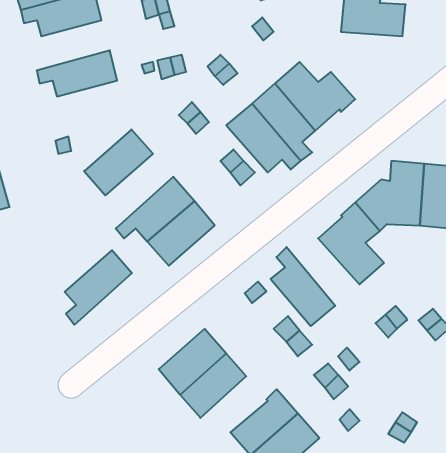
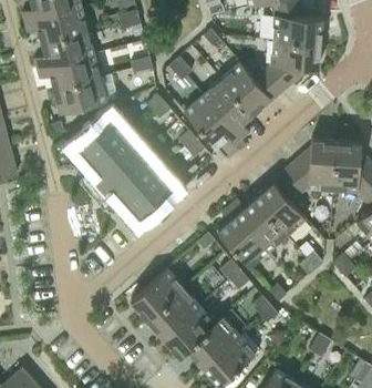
building: none -> [34,30,94,69]
building: none -> [265,39,320,91]
building: none -> [53,76,106,113]
building: none -> [230,198,287,251]
building: [65,250,132,325] -> [91,133,143,191]
building: none -> [164,305,216,356]

